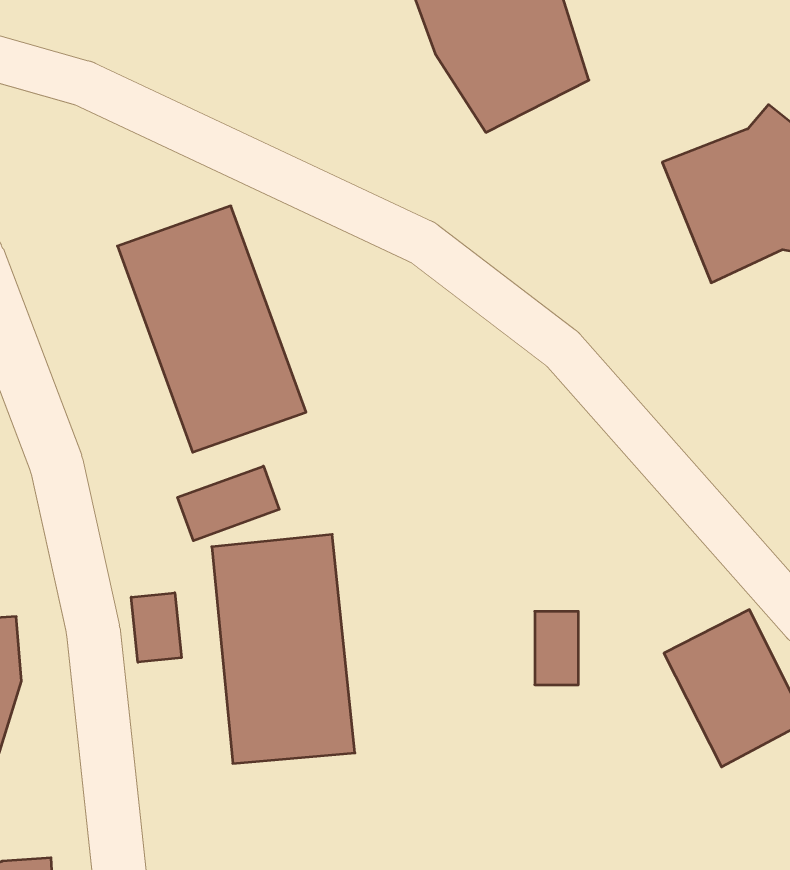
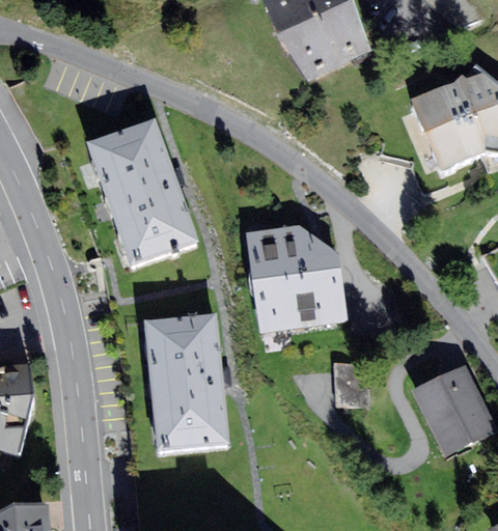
building: none -> [246,224,348,332]
building: [178,466,279,541] -> none
building: [131,593,181,662] -> none

